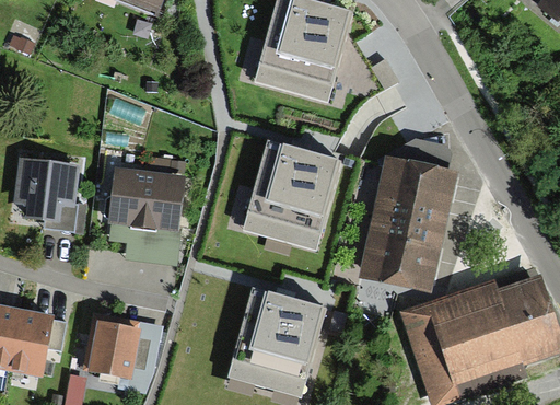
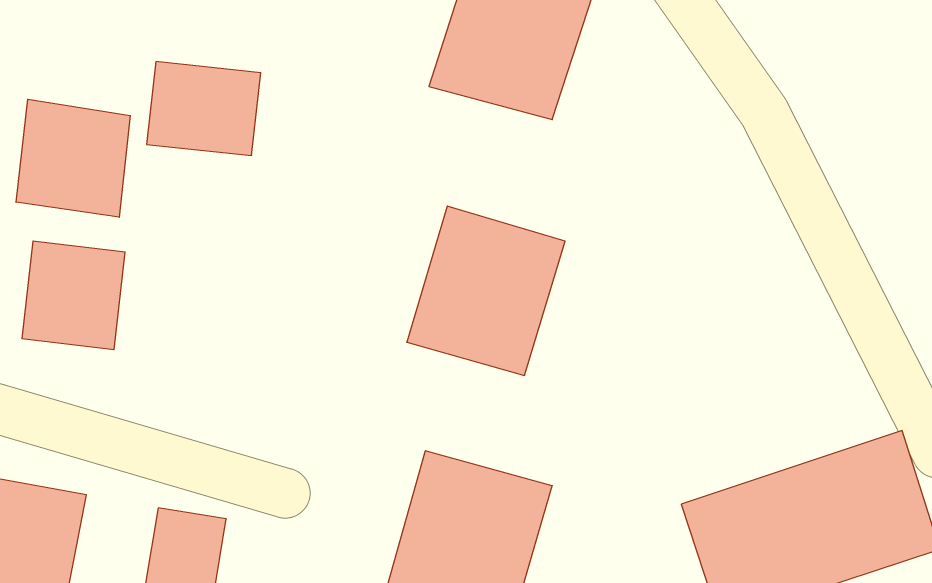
building: none -> [16,99,130,217]
building: [361,159,454,292] -> none
building: [116,174,184,230] -> [147,62,261,155]

